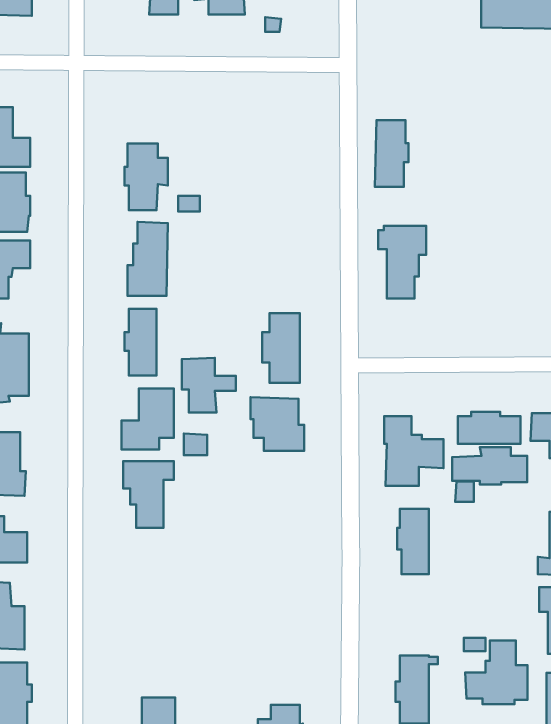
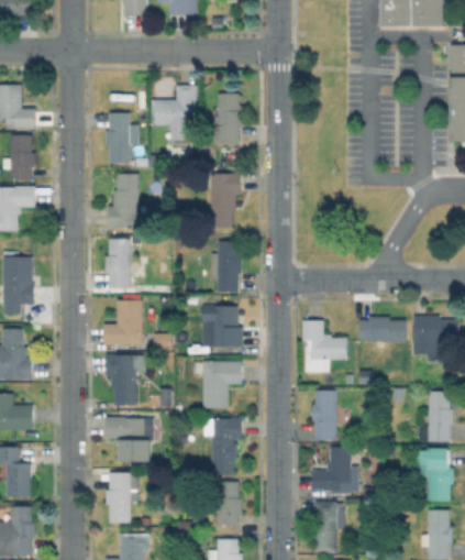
building: none -> [152,85,198,141]
building: [375,120,408,187] -> [218,94,243,144]
building: [378,226,426,298] -> [206,173,242,228]
building: [182,358,236,413] -> none
building: [452,447,527,485] -> none
building: none -> [195,361,242,408]
building: none -> [106,417,152,462]
building: none -> [203,418,243,475]
building: none -> [107,472,139,523]
building: none -> [218,481,242,525]
building: [465,641,527,704] -> [312,447,359,495]

